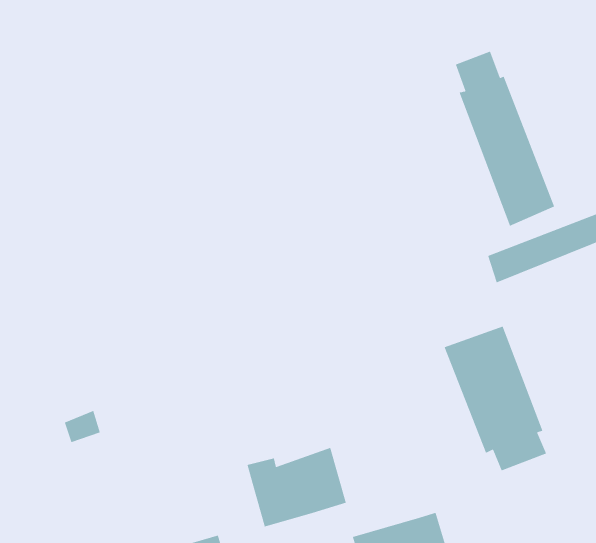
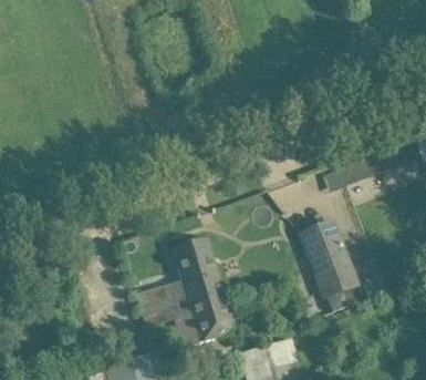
building: [455,50,555,227] -> none
building: none -> [135,238,226,329]

